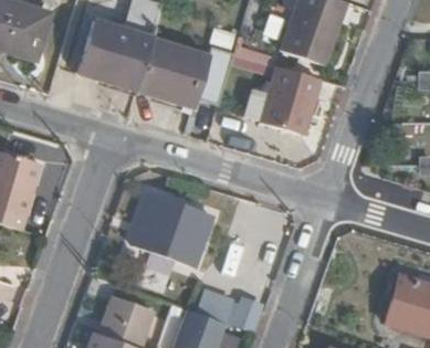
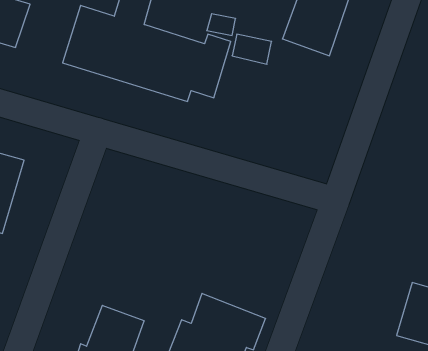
building: [243,64,319,135] -> none
building: [129,197,208,270] -> none

